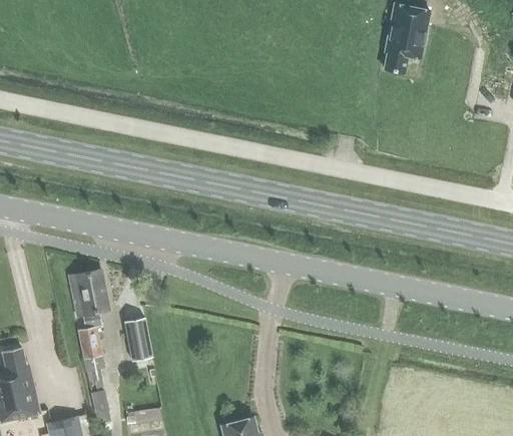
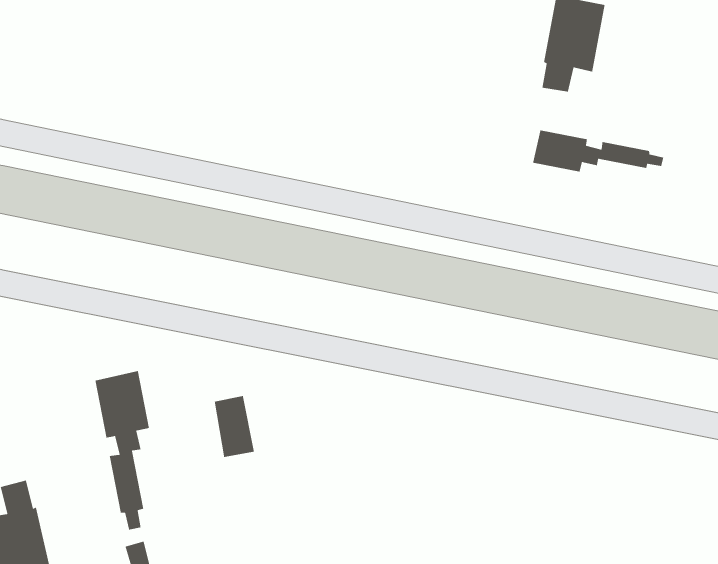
building: none -> [532,130,664,172]
building: [123,318,152,362] -> [214,395,255,458]

